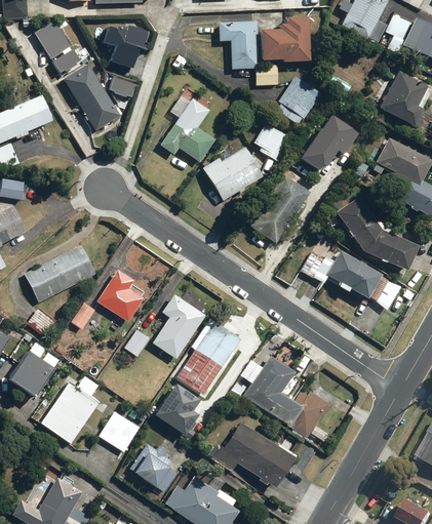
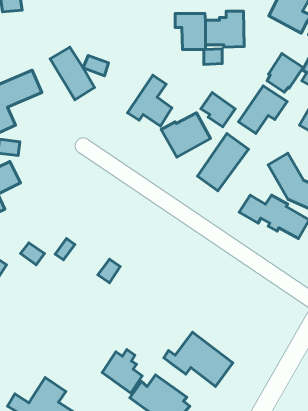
building: [34,18,82,75] -> none
building: [100,22,145,70] -> none
building: [276,76,321,124] -> [267,54,303,92]
building: [24,245,94,303] -> none
building: [97,270,150,322] -> none
building: [152,294,204,358] -> none
building: [176,318,240,395] -> none
building: [233,349,330,440] -> none
building: [5,350,53,399] -> none
building: [40,379,101,444] -> none
building: [160,385,203,434] -> none
building: [100,410,141,451] -> none

